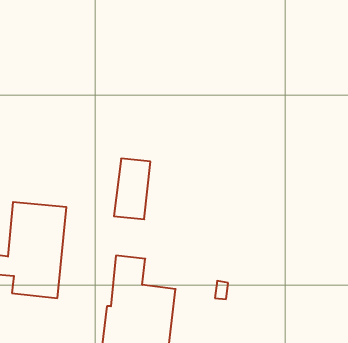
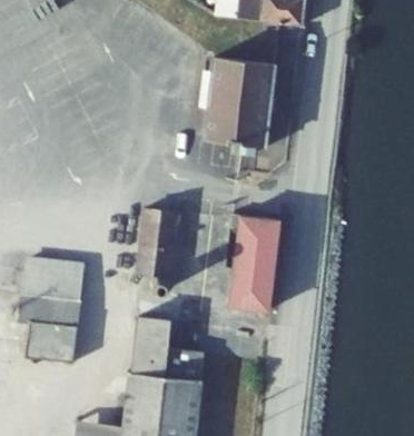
building: none -> [205,57,275,151]
building: none -> [229,214,279,309]

